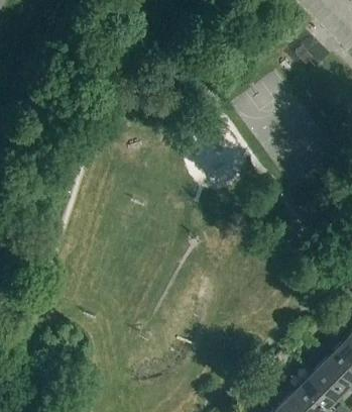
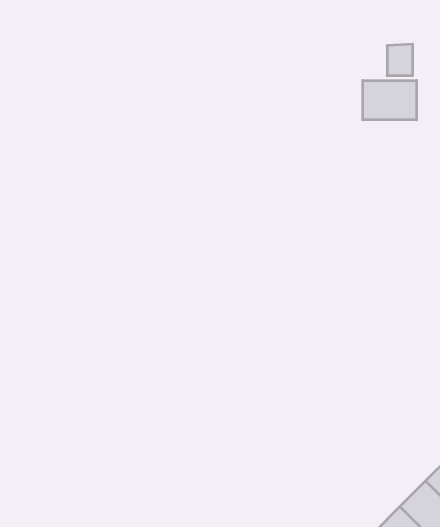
building: none -> [363,80,417,120]

